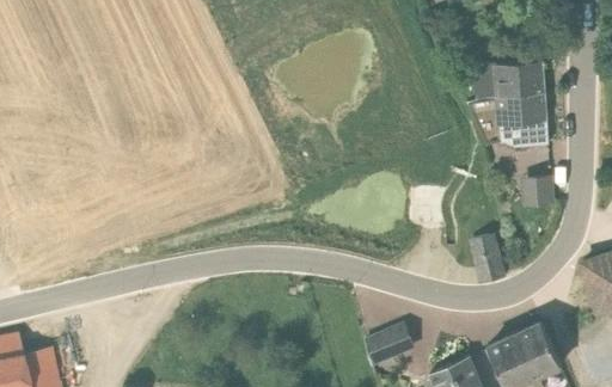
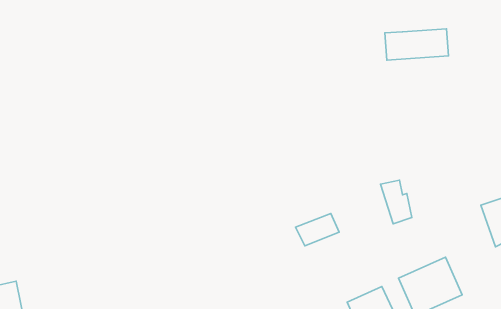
building: [466,92,549,146] -> none
building: [520,176,552,207] -> none
building: [363,325,414,362] -> [295,214,339,246]

